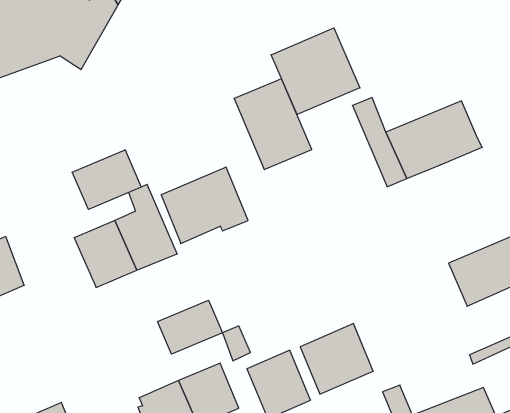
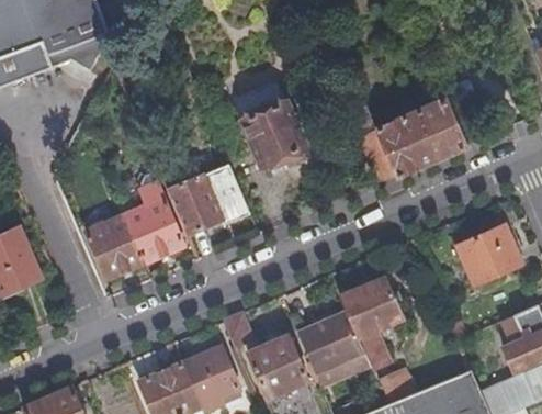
building: [271,28,360,115] -> none
building: [72,150,141,209] -> none
building: none -> [341,277,405,372]
building: [157,300,223,354] -> none

